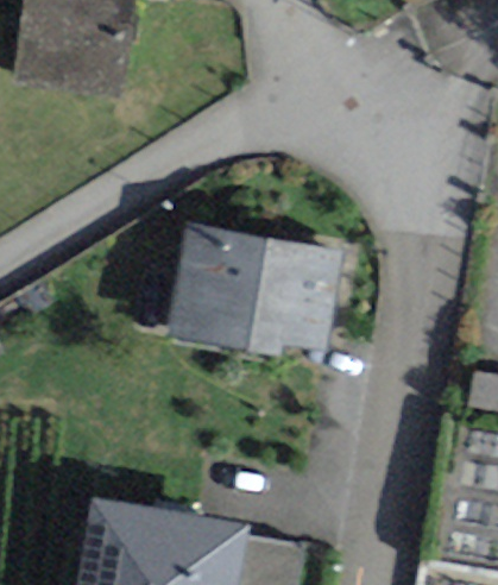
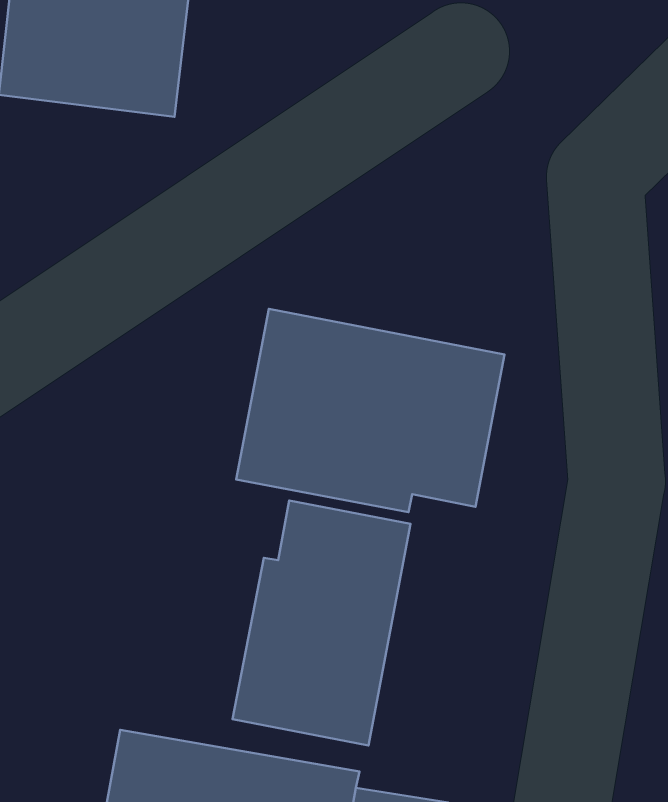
building: none -> [233,501,411,745]

